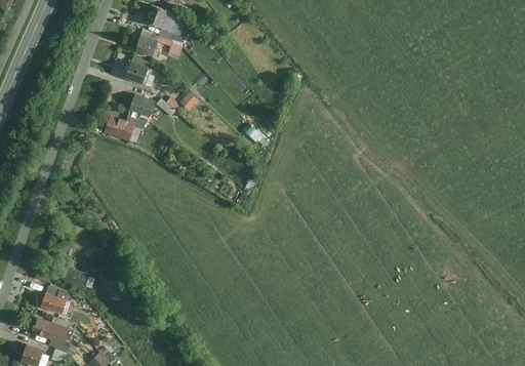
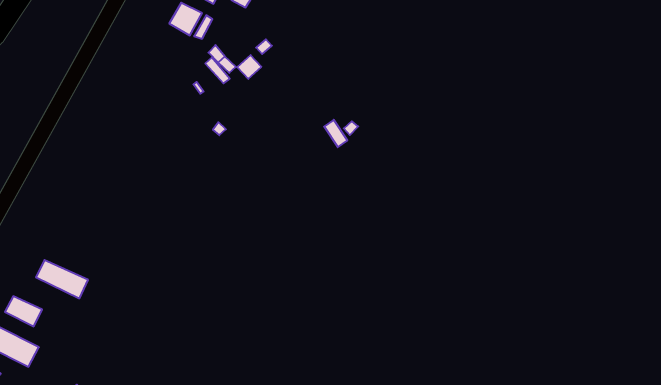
building: [128,93,154,120] -> none
building: [104,114,135,139] -> none

